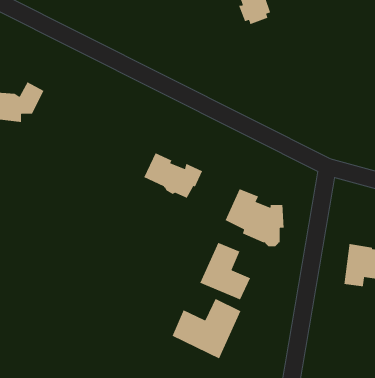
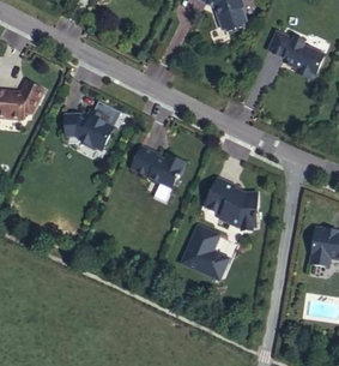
building: none -> [267,30,323,78]
building: none -> [65,100,121,149]
building: [171,298,241,359] -> none

